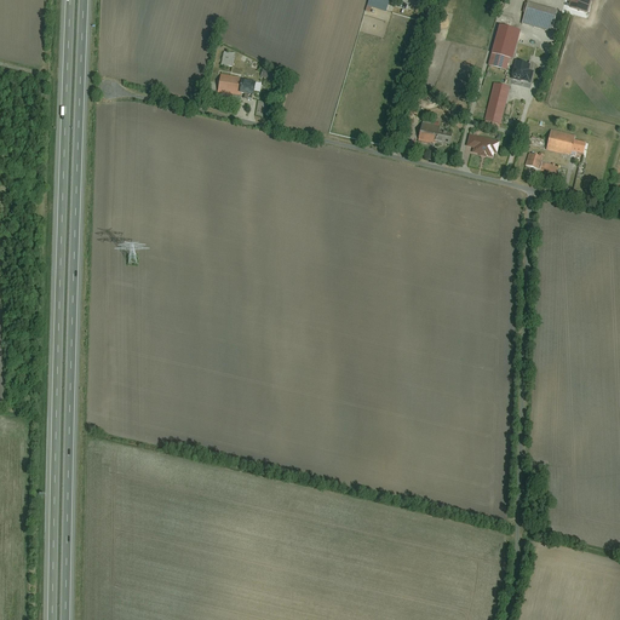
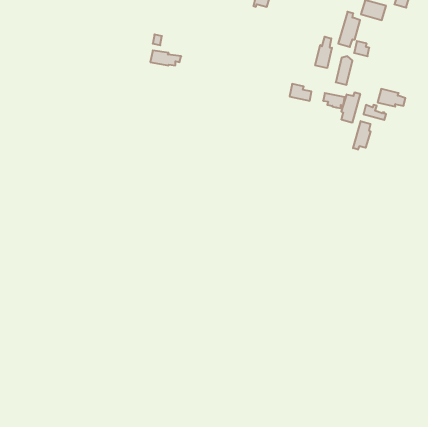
building: none -> [315,37,332,68]
building: none -> [341,92,360,123]
building: none -> [353,121,371,150]

